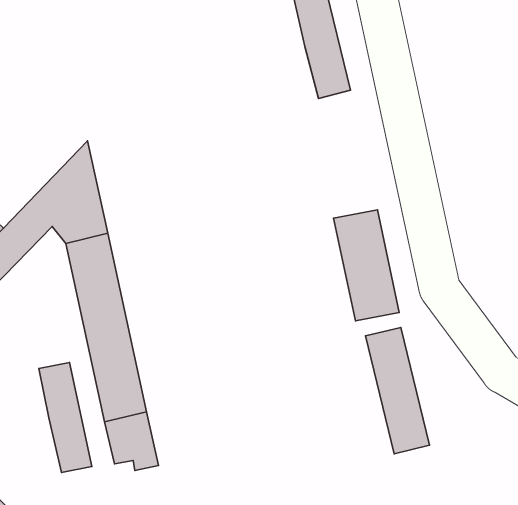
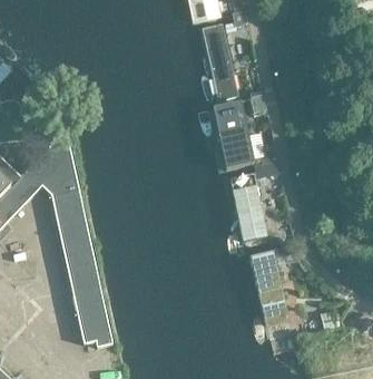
building: none -> [214,101,256,168]
building: [39,363,92,472] -> none

